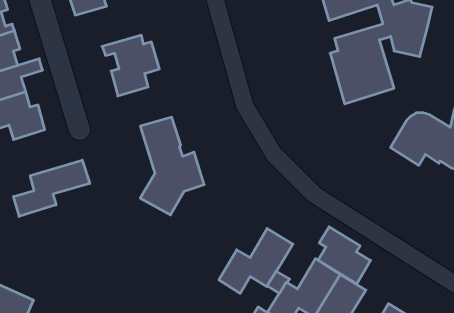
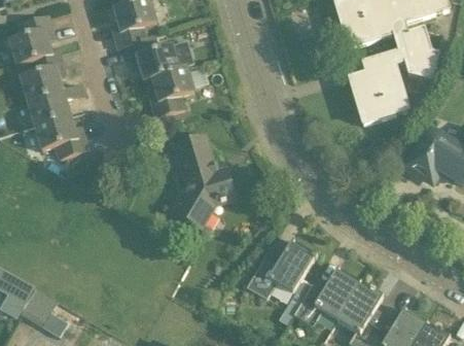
building: none -> [115,35,176,72]
building: [14,160,90,217] -> none
building: [318,227,371,284] -> none

